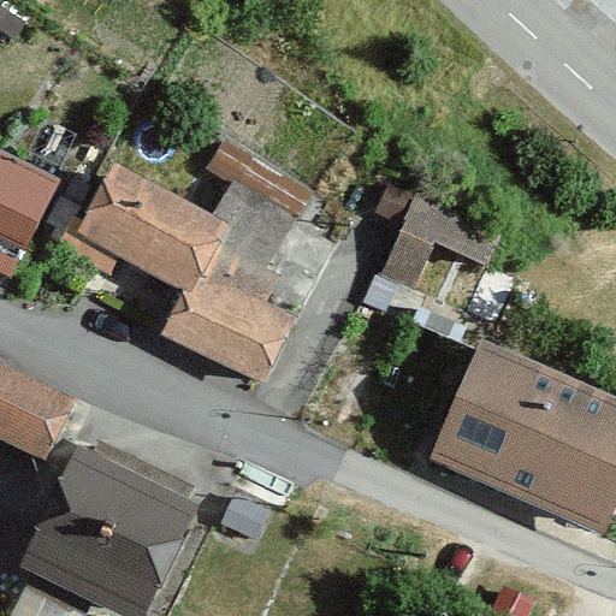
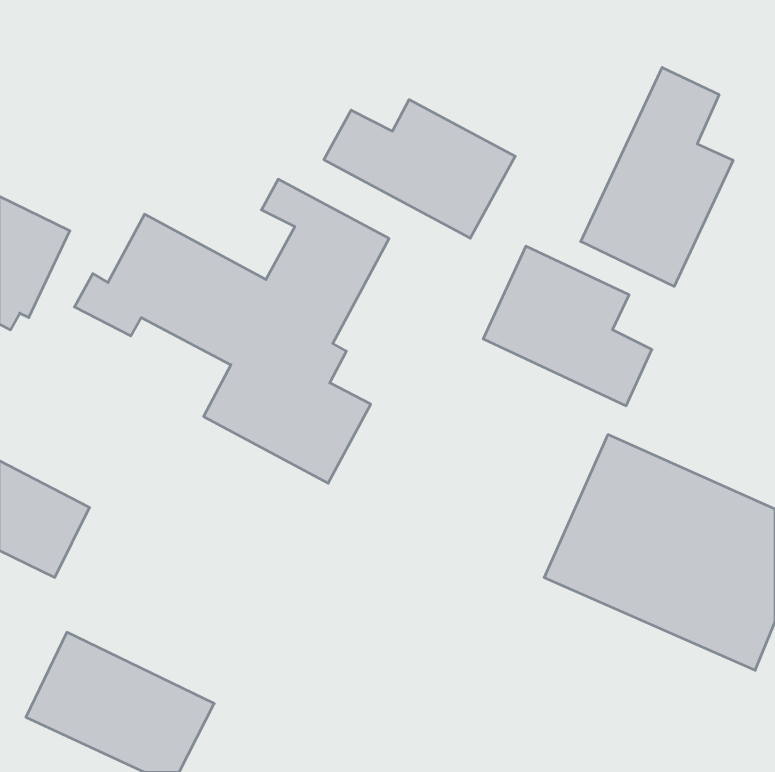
building: none -> [581,67,733,286]
building: none -> [324,100,515,238]
building: [53,442,194,557] -> none

